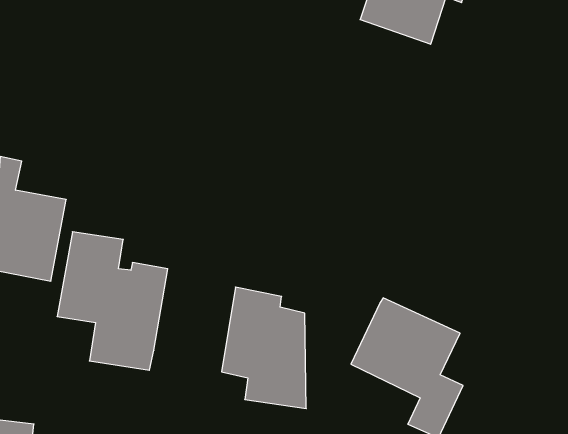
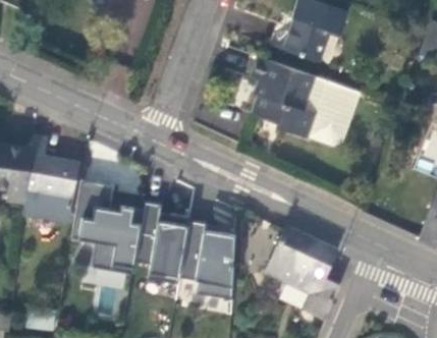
building: none -> [250,54,359,144]
building: none -> [135,202,190,284]

